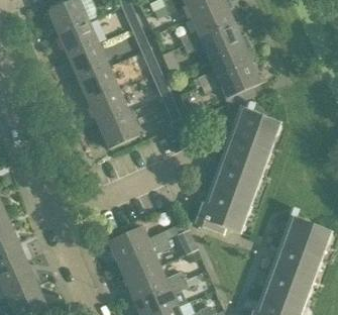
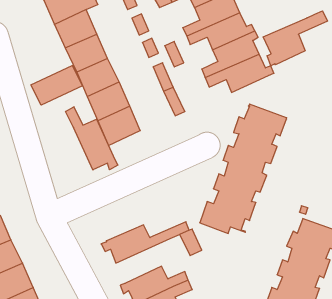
building: none -> [263,11,327,66]
building: none -> [31,66,83,105]
building: none -> [66,107,118,170]
building: [116,238,172,283] -> none

